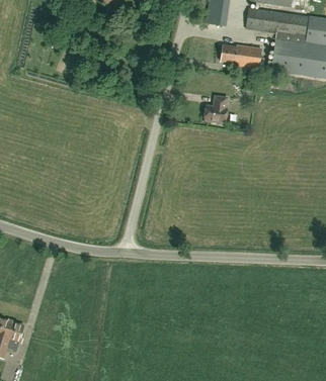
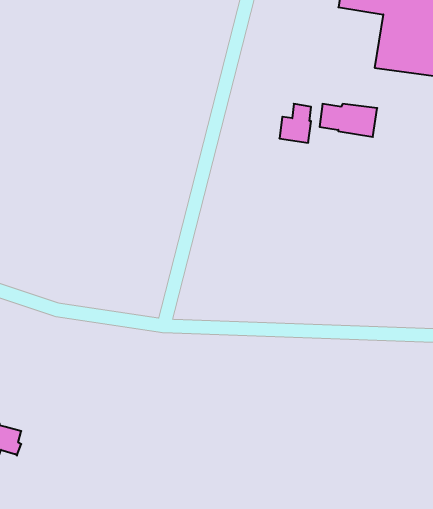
building: [220,45,260,69] -> [320,104,377,137]

